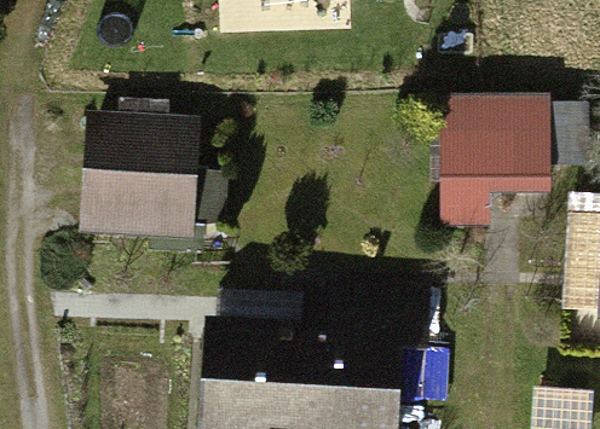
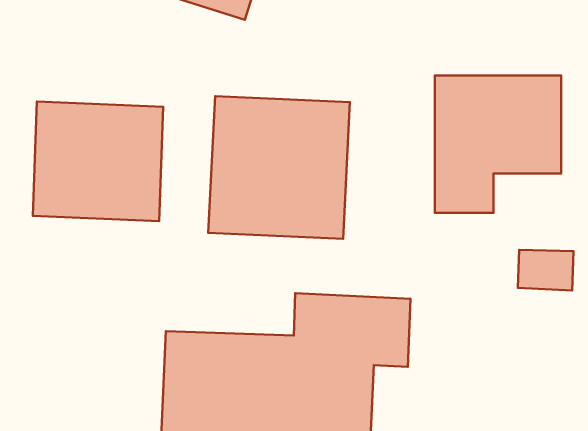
building: none -> [208,96,350,239]

